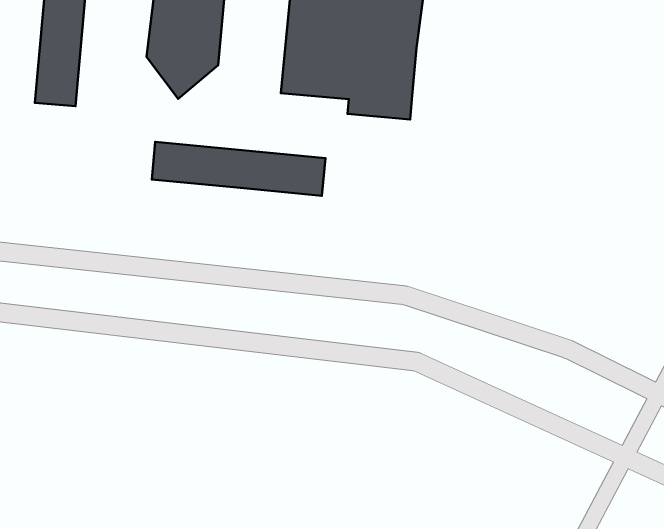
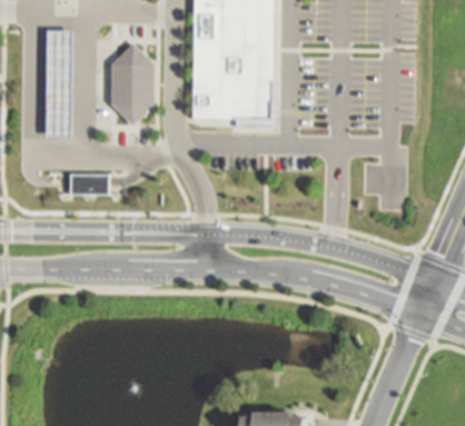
building: [152,142,326,196] -> none
building: none -> [71,175,109,194]

